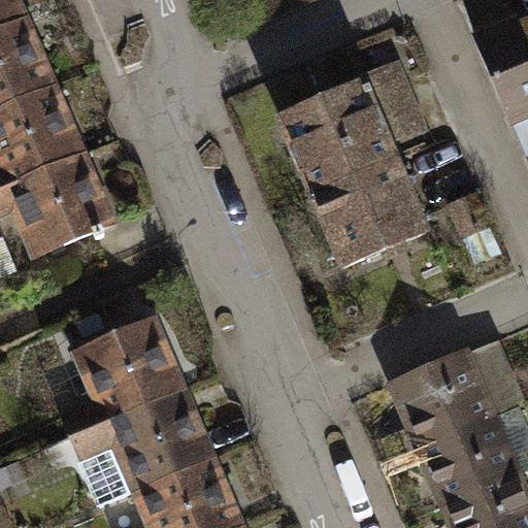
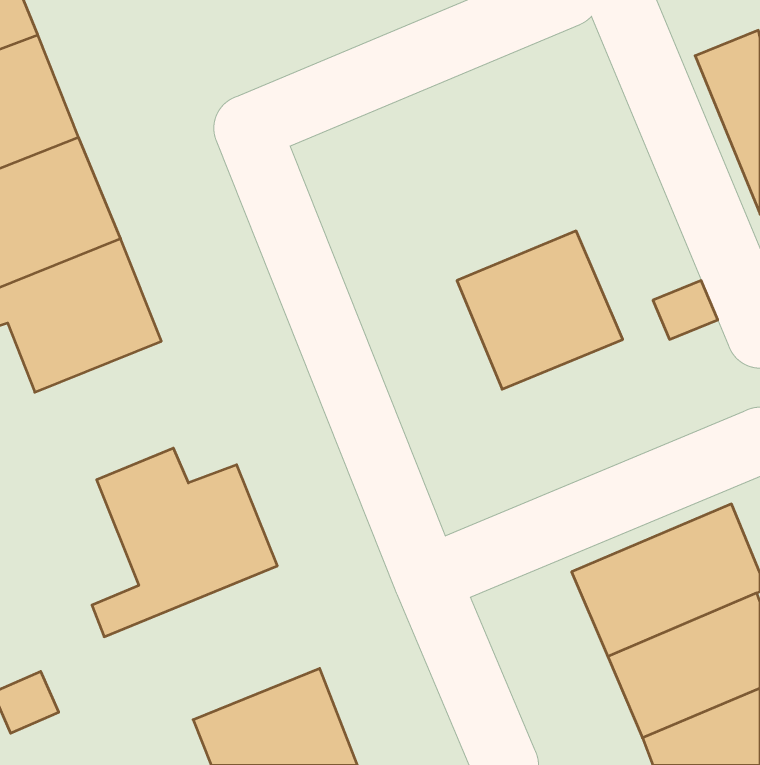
building: [280,67,426,192] -> none
building: [71,387,219,492] -> none

